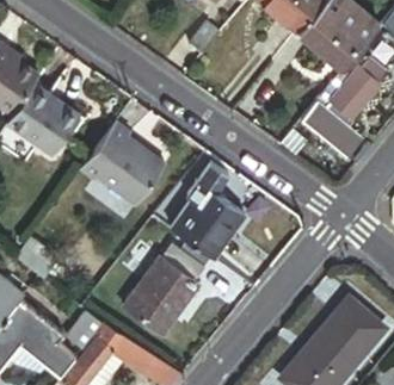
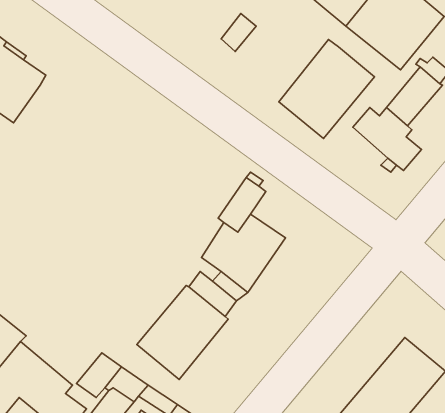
building: none -> [279,40,375,138]
building: [8,83,84,156] -> none
building: [82,122,168,206] -> none

